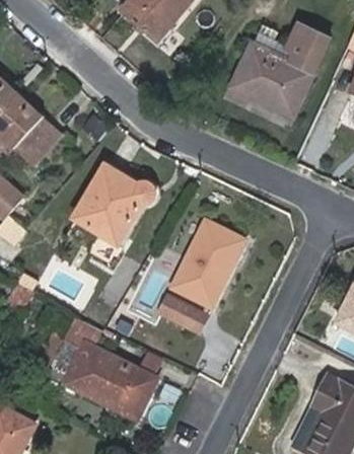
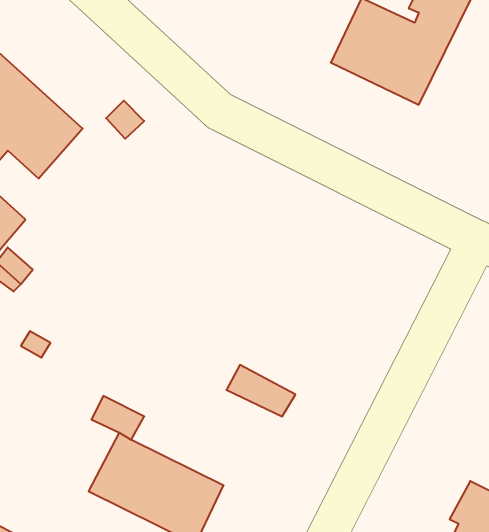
building: [74,164,154,244] -> none
building: [172,220,238,306] -> none
building: [47,332,85,382] -> none

